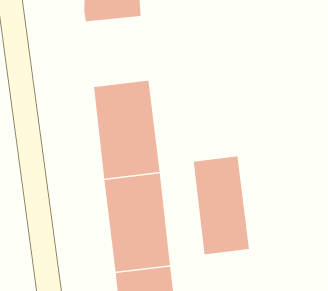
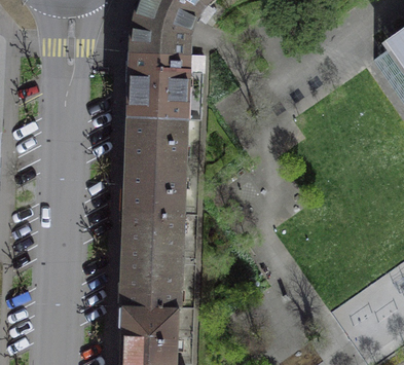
building: none -> [130,51,188,118]
building: [193,156,250,255] -> none

